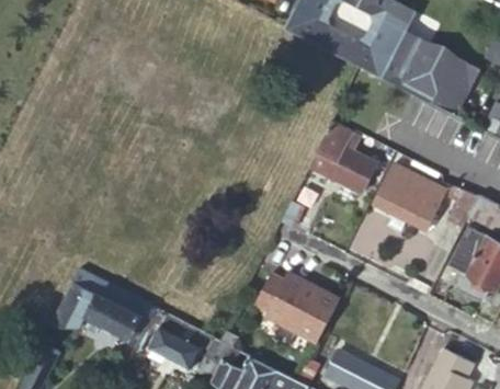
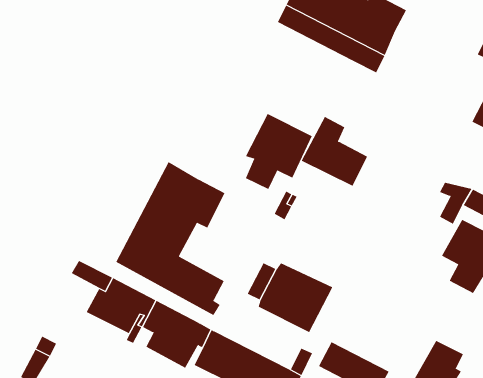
building: [385,35,480,116] -> none
building: none -> [245,113,312,190]
building: [376,164,448,232] -> none
building: none -> [115,161,225,316]
building: [53,281,103,331] -> none

